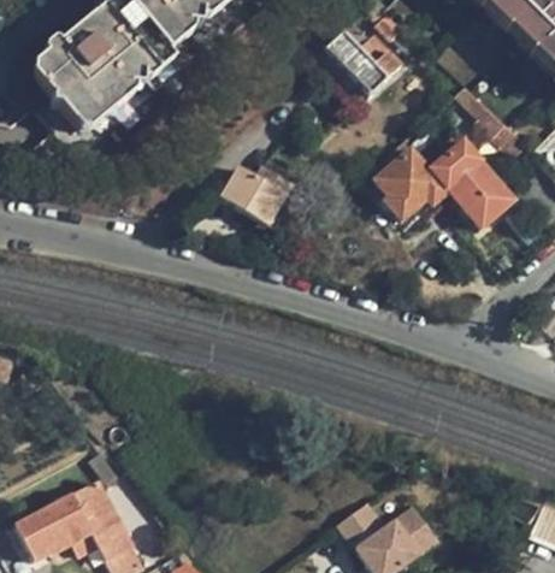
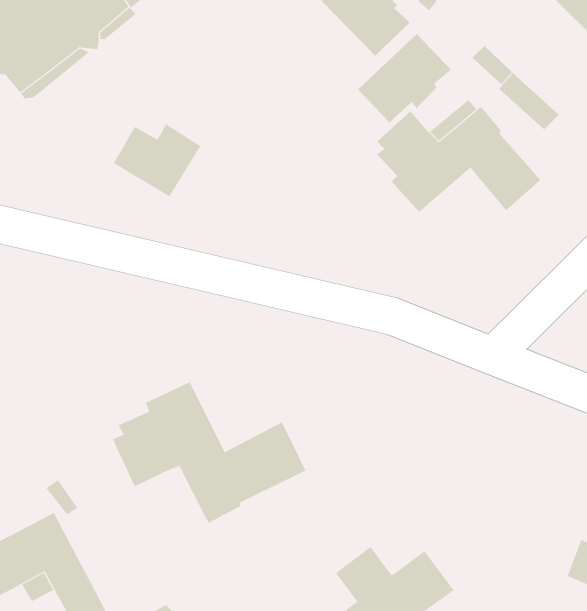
building: none -> [357,33,452,123]
building: [217,163,291,225] -> [113,123,201,197]
building: none -> [112,382,306,523]

